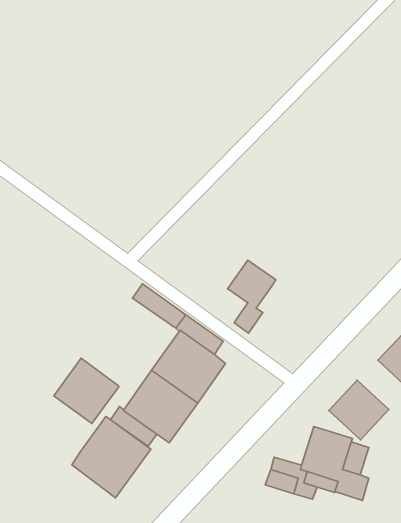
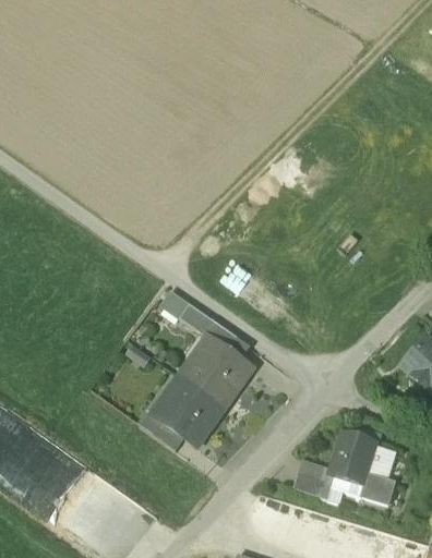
building: [228,260,276,333] -> none
building: [54,358,119,423] -> none
building: [329,380,389,440] -> none
building: [72,417,151,498] -> none

